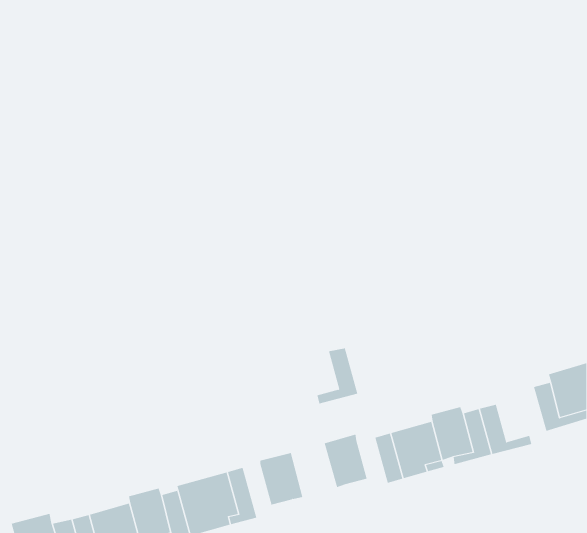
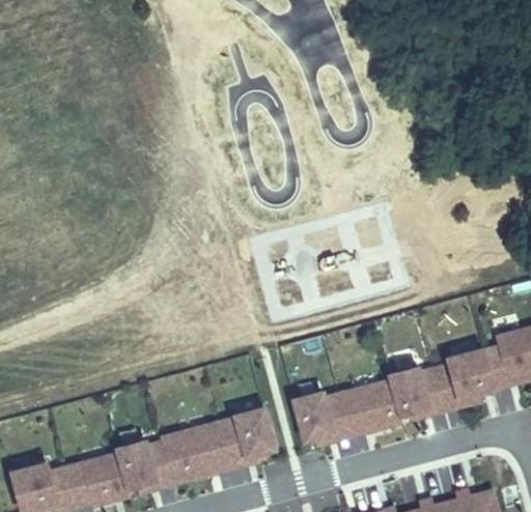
building: [317,348,358,404] -> [312,395,350,446]
building: none -> [446,349,493,399]
building: none -> [220,419,266,467]

